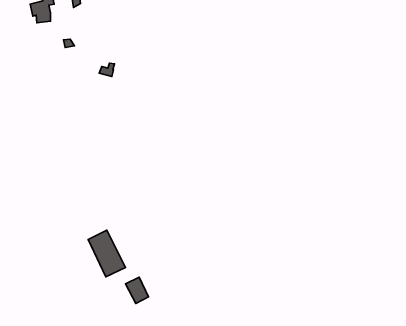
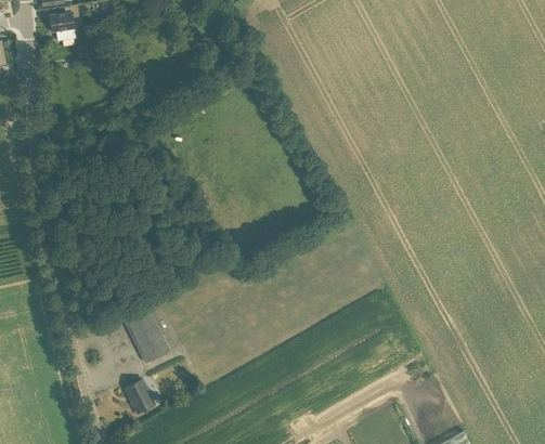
building: [126,277,149,303] -> [125,379,154,413]

